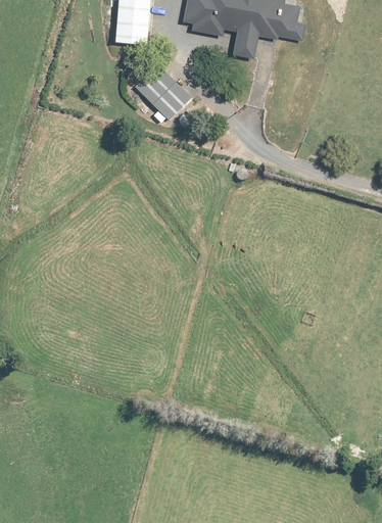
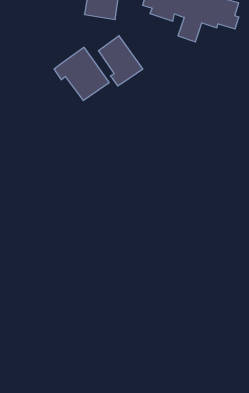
building: none -> [54,47,109,101]

